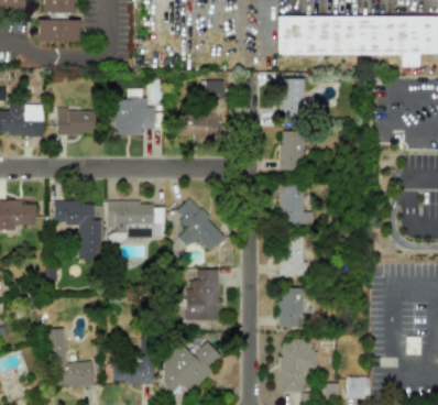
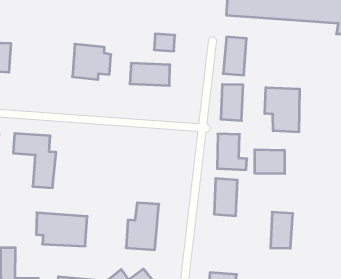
building: [57,110,95,135] -> none
building: none -> [265,87,300,132]
building: [175,198,227,252] -> none
building: none -> [255,150,285,174]
building: [108,204,164,238] -> [36,213,87,246]
building: [281,288,304,328] -> [271,212,293,248]

